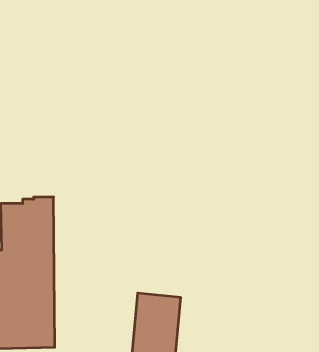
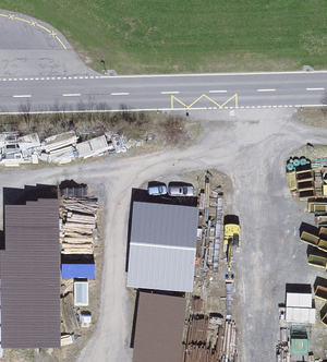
building: none -> [128,201,196,289]

